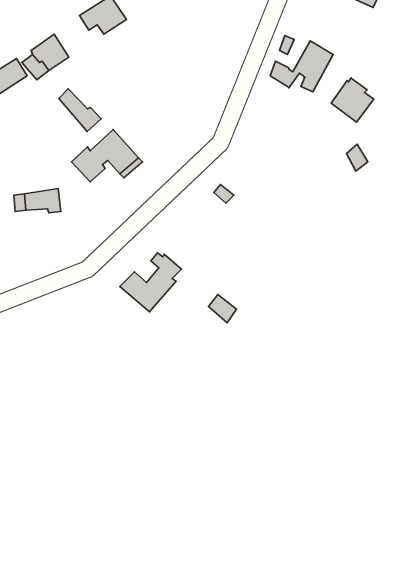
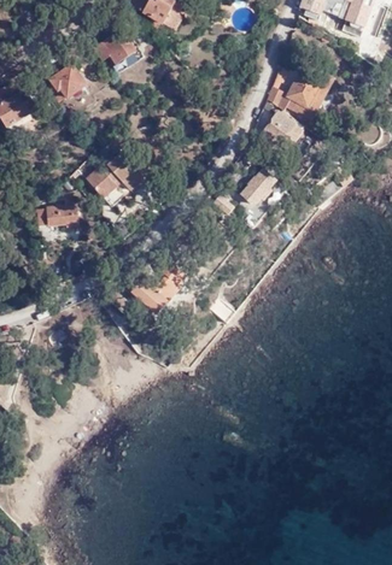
building: [331,78,374,122] -> [263,111,302,151]
building: [59,89,101,132] -> none
building: none -> [242,171,275,205]

